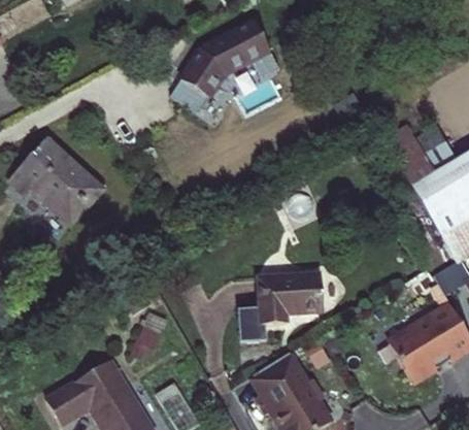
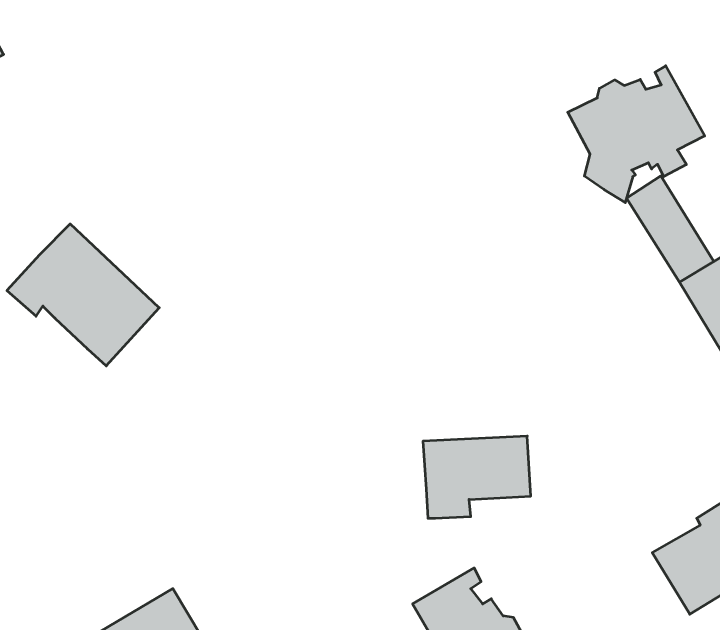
building: [173,22,281,115] -> none
building: none -> [568,66,705,203]
building: [236,303,265,338] -> none

